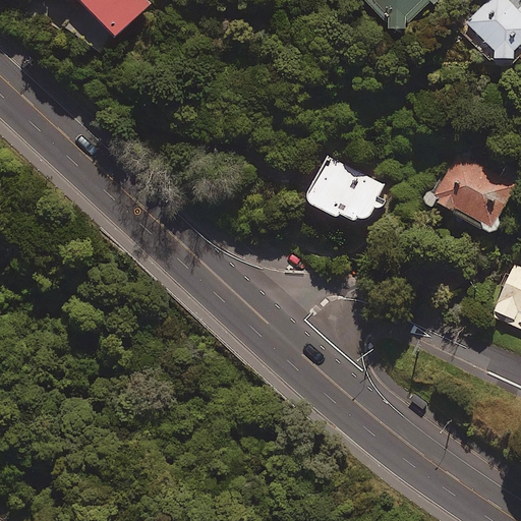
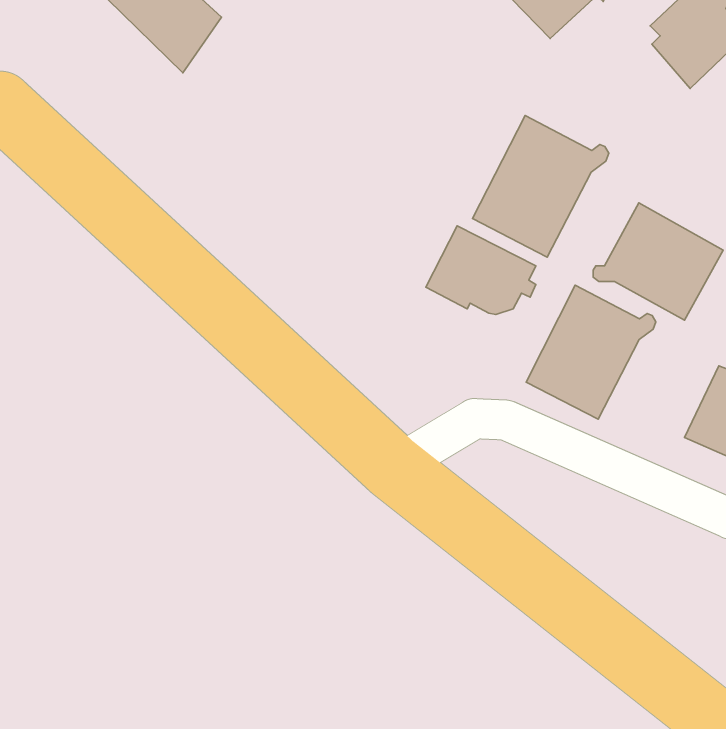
building: none -> [473,116,609,257]
building: none -> [526,285,656,419]

